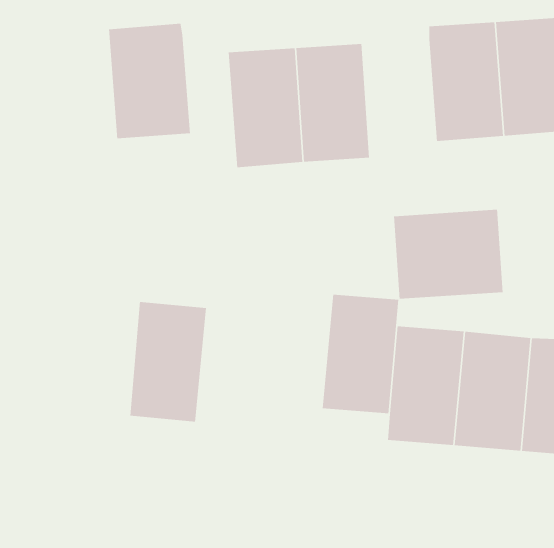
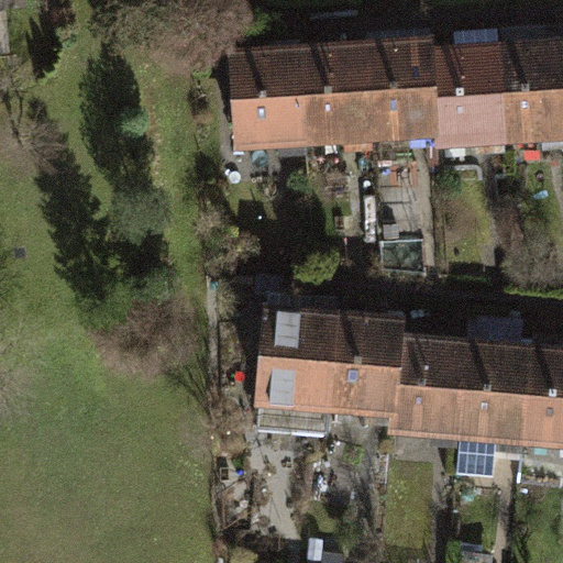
building: [108,23,191,139] -> none
building: none -> [368,40,444,159]
building: [393,209,503,300] -> none
building: [129,301,207,422] -> [261,290,339,412]

